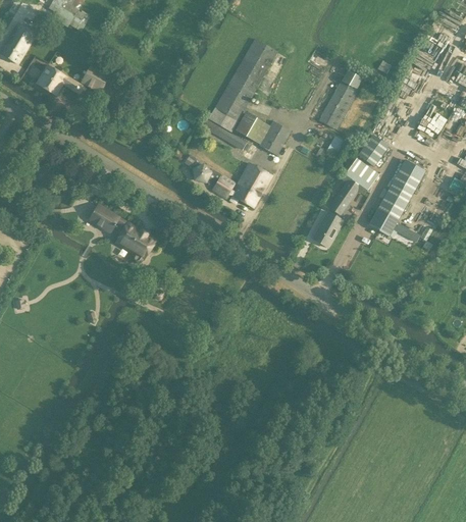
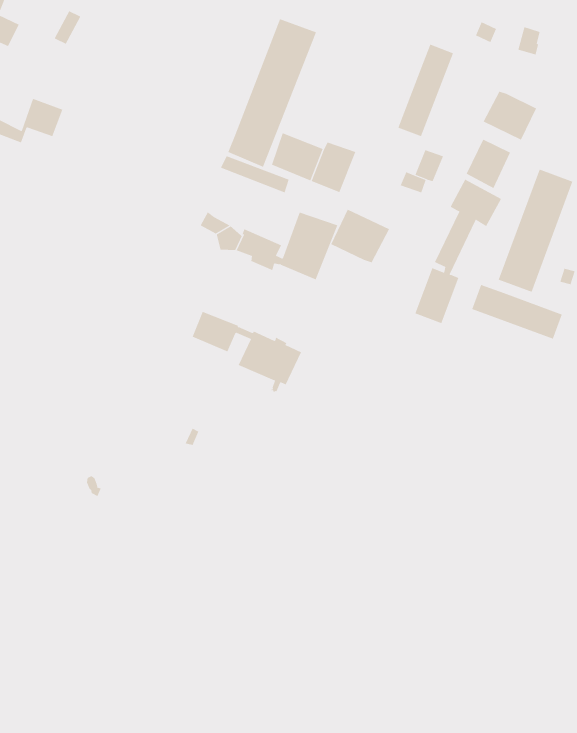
building: none -> [483,91,537,141]
building: none -> [331,209,390,263]
building: [88,204,156,263] -> [192,311,302,393]
building: none -> [472,284,563,340]

